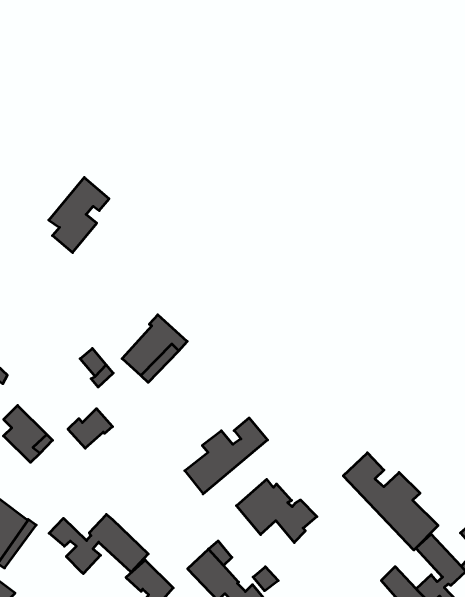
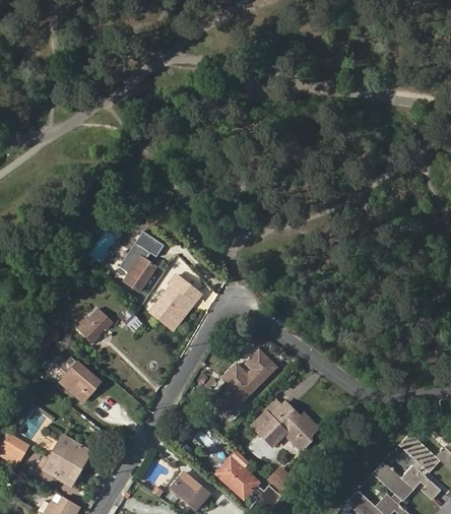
building: [49,177,109,253] -> [118,230,165,291]
building: [68,409,113,448] -> [77,310,113,342]
building: [343,453,438,550] -> none
building: [49,514,148,574] -> none

